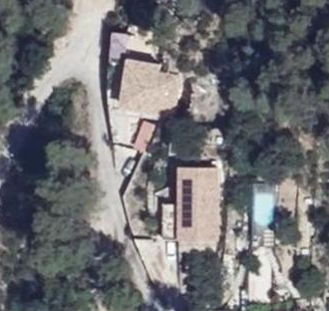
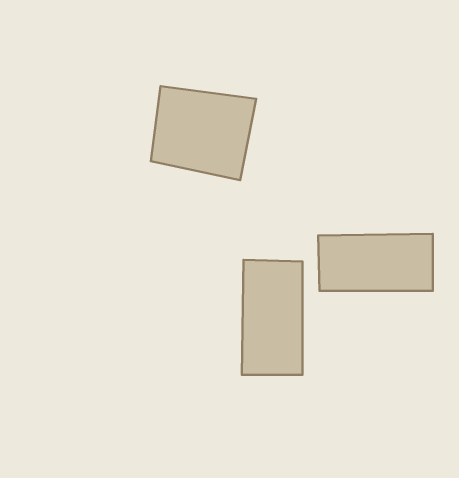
building: none -> [318,234,433,291]

